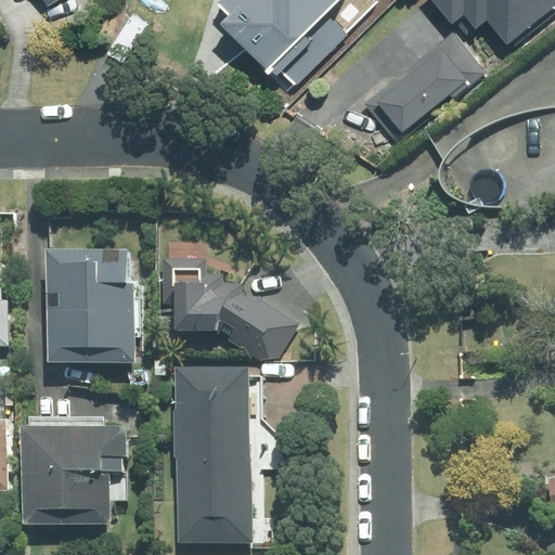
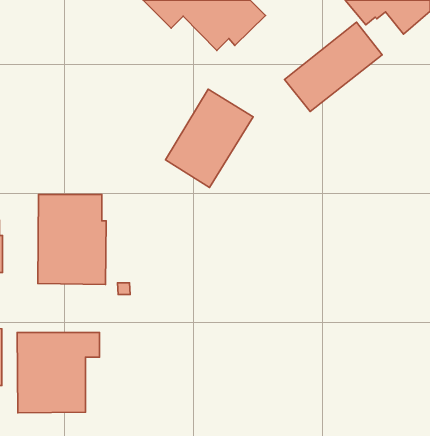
building: none -> [165,89,253,187]
building: [157,259,294,360] -> none
building: [177,364,250,542] -> none

